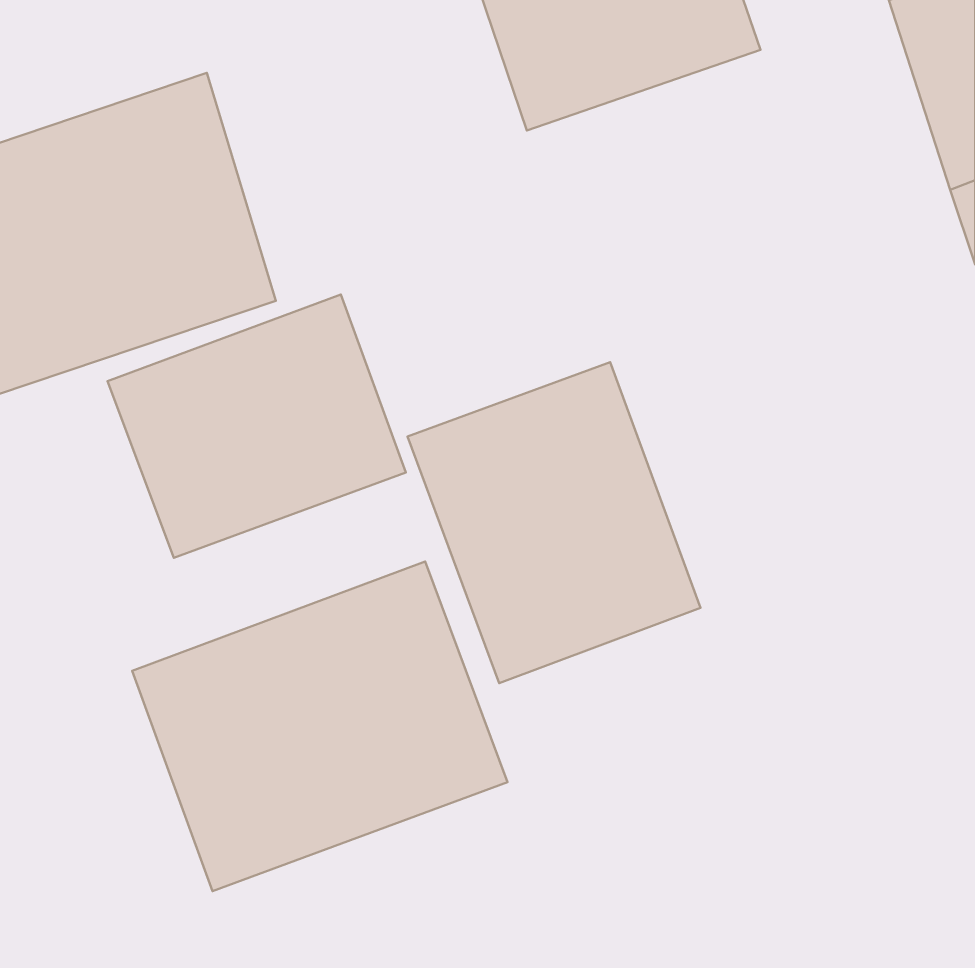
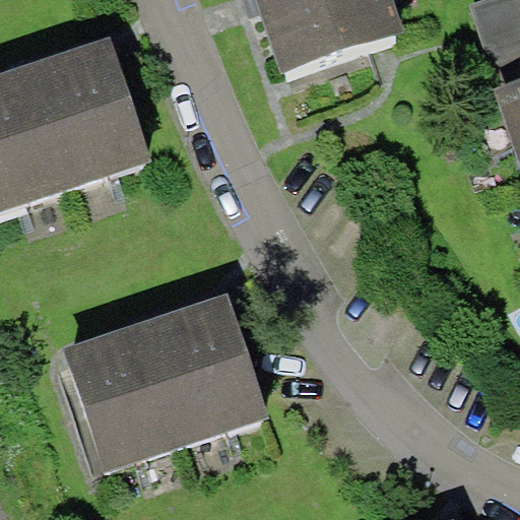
building: [107,295,406,558] -> none
building: [408,362,701,683] -> none

